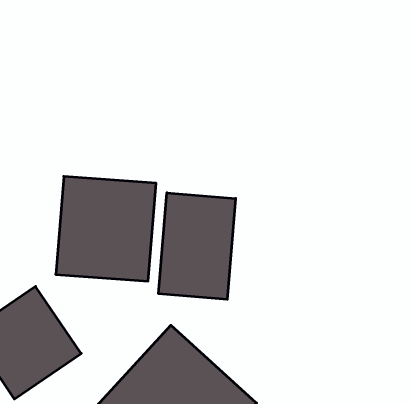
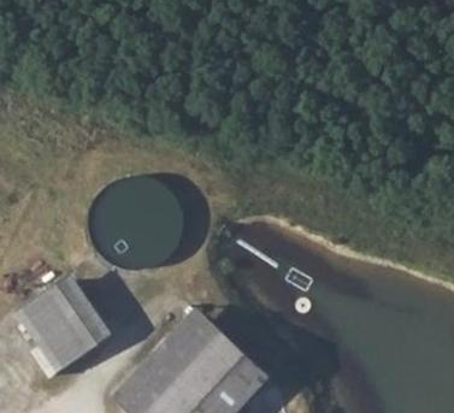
building: [159,193,236,299] -> none

